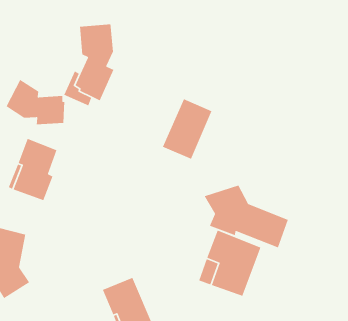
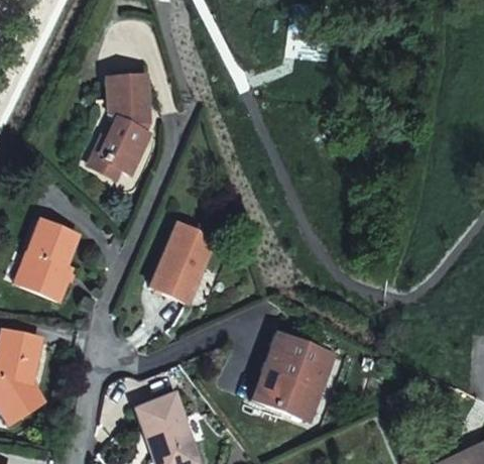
building: [5,79,65,125] -> none
building: [162,98,213,160] -> [151,223,215,301]
building: [204,185,289,248] -> none

